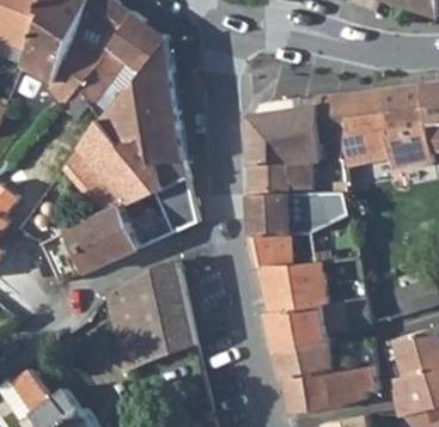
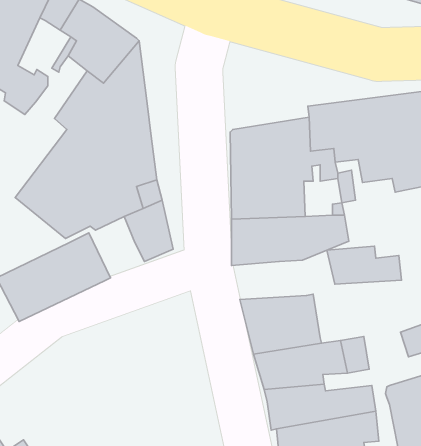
building: [248,233,313,267] -> [327,246,402,284]
building: [104,263,194,373] -> none

